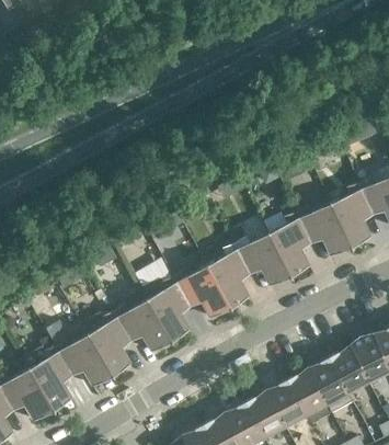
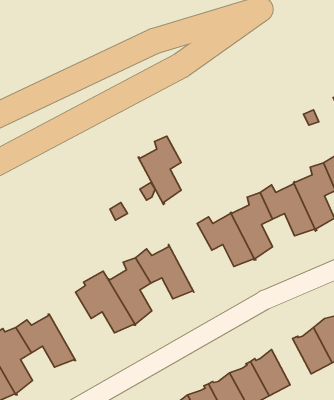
building: [206,243,249,311] -> [138,136,181,205]
building: [82,311,130,379] -> none
building: [308,357,352,412] -> none

